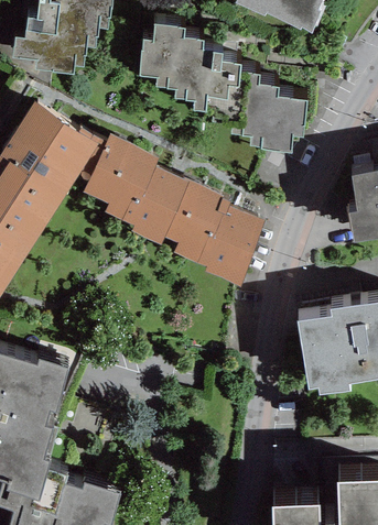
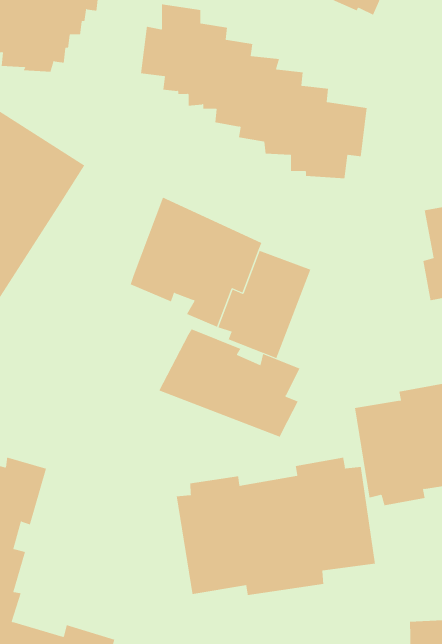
building: [80,133,158,222] -> none
building: none -> [158,328,300,437]
building: none -> [176,457,375,596]

